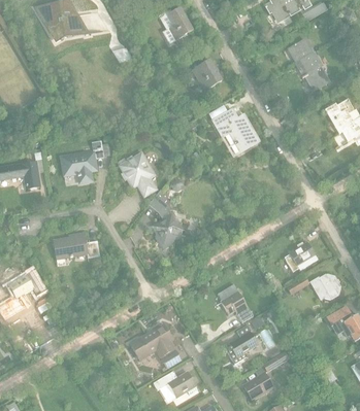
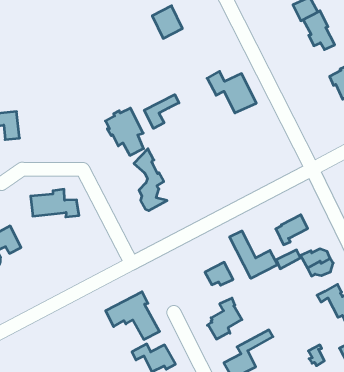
building: [192,60,221,91] -> [152,6,182,38]
building: none -> [144,95,179,128]
building: [61,141,102,182] -> none
building: none -> [230,231,277,278]

